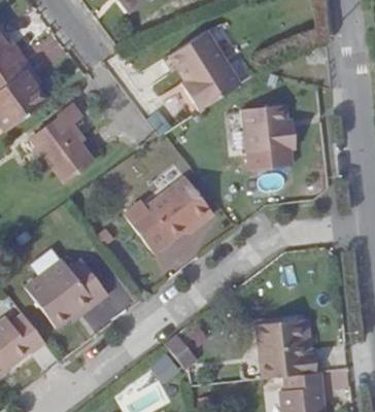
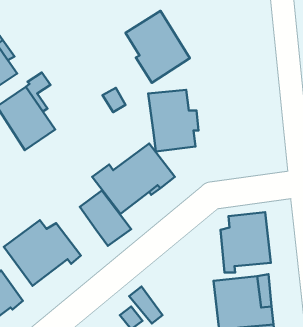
building: [246,100,301,167] -> [148,90,198,151]
building: none -> [80,191,131,246]
building: none -> [221,212,271,273]

